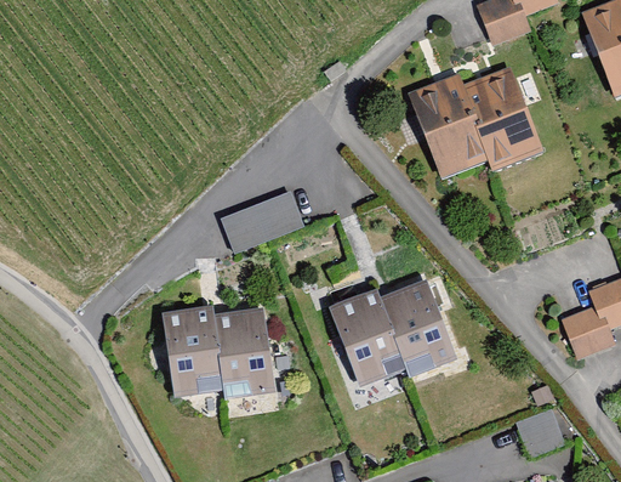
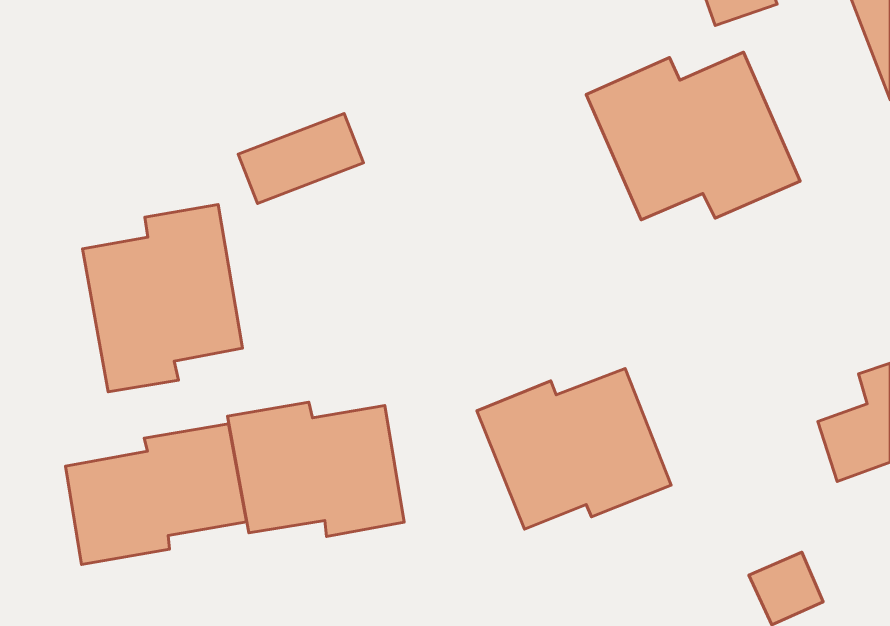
building: none -> [82,204,242,392]
building: [220,189,306,251] -> [238,113,363,204]
building: none -> [66,424,246,564]

